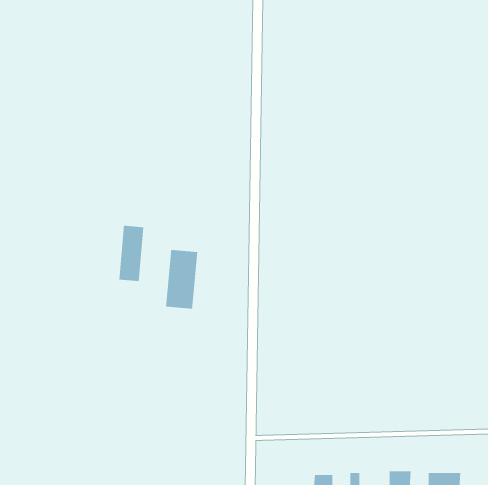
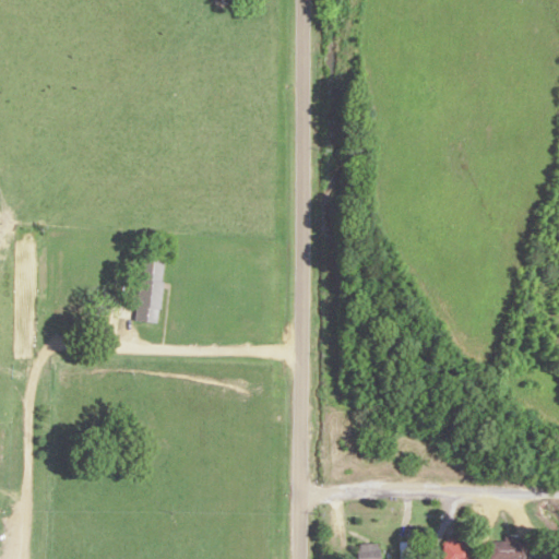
building: [166,249,198,310] -> none

